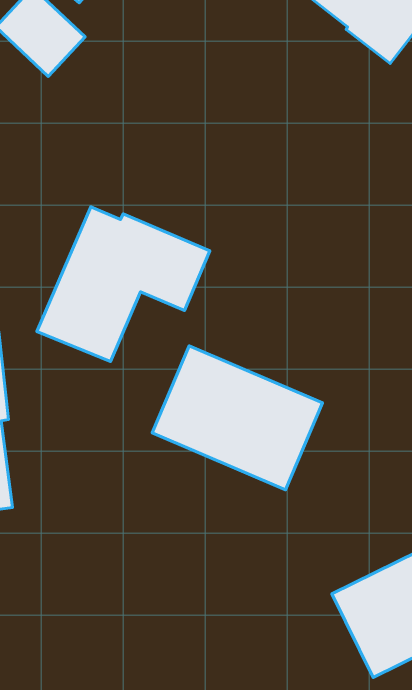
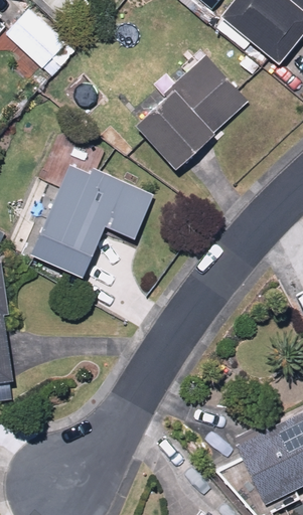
building: none -> [138,58,246,166]
building: [152,346,323,490] -> none

